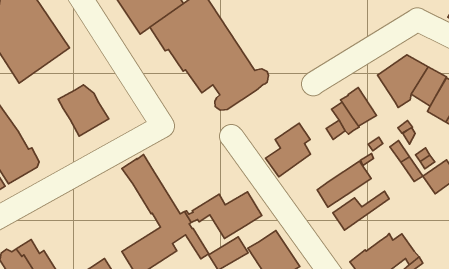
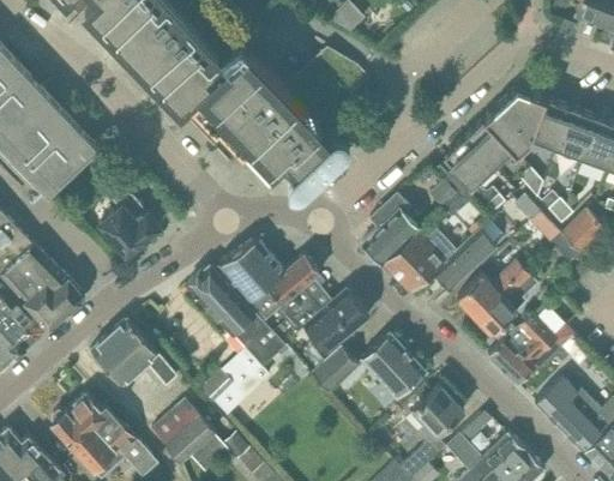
building: none -> [463,119,512,168]
building: none -> [218,241,321,324]
building: none -> [383,229,446,293]
building: none -> [91,318,175,385]
building: none -> [475,269,538,335]

